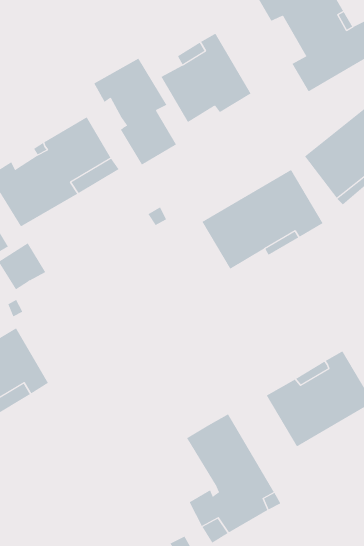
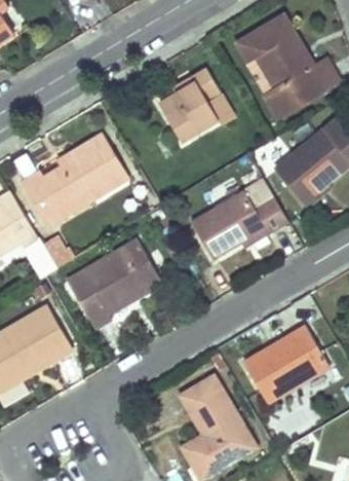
building: [93,58,177,166] -> none
building: none -> [68,237,162,328]

